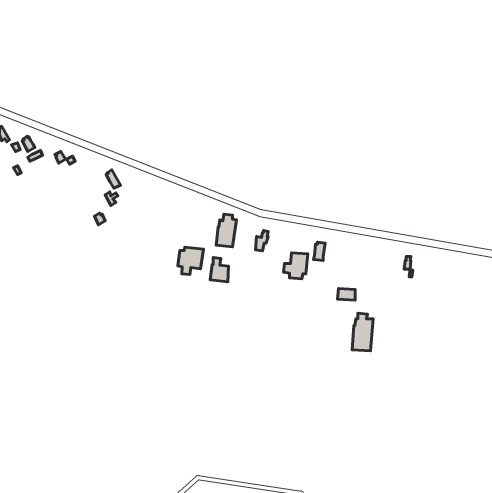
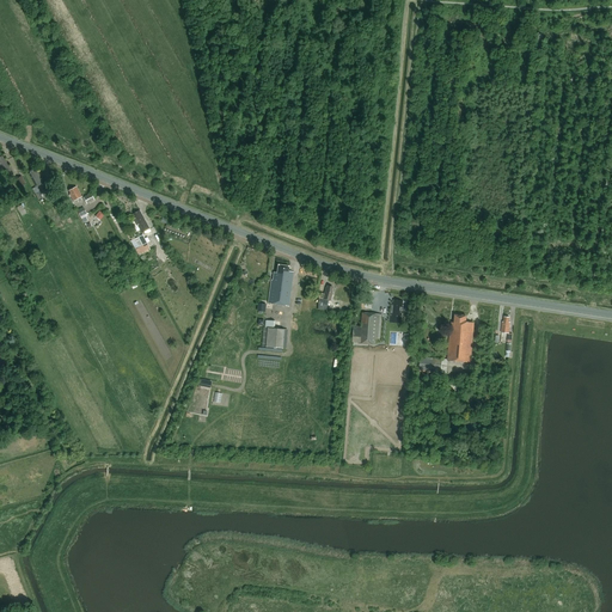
building: [178,247,203,275] -> none
building: [352,313,373,351] -> [447,316,473,362]

